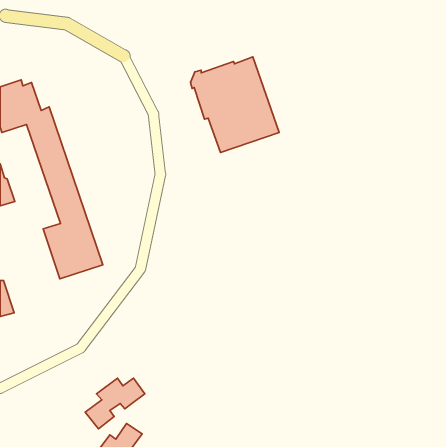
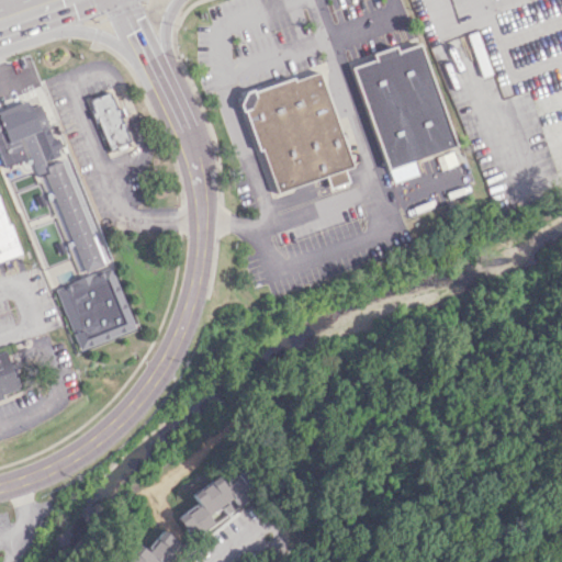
building: none -> [355,44,453,184]
building: none -> [91,91,132,153]
building: [85,378,145,429] -> [177,475,251,539]

